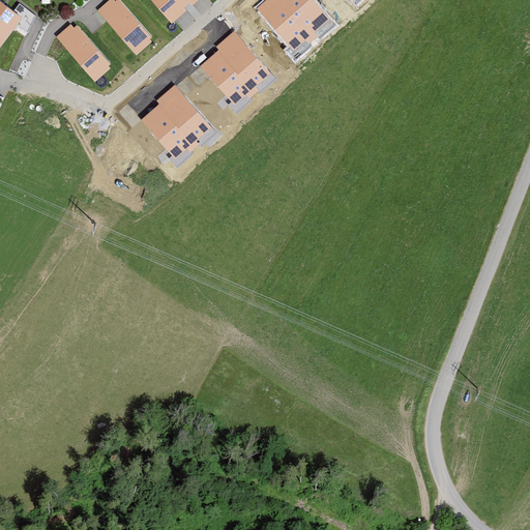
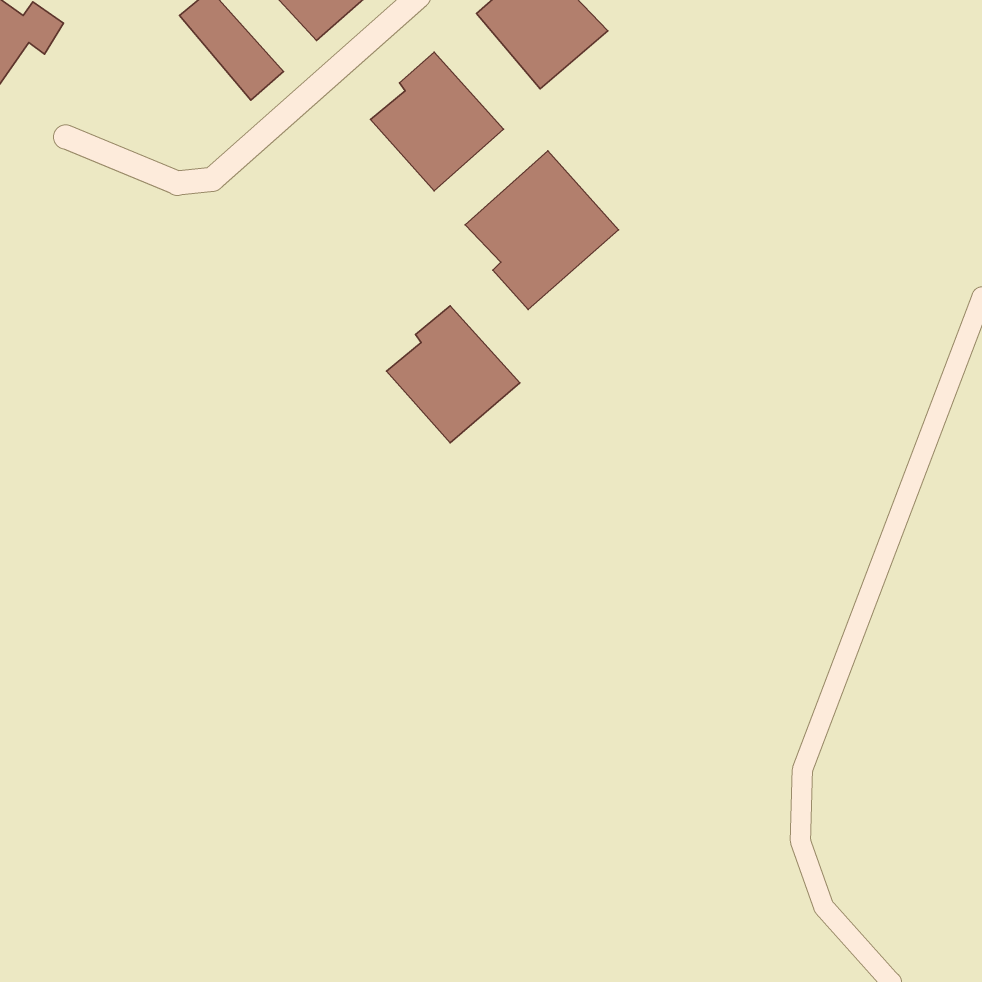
building: [56,21,112,81] -> none
building: none -> [465,151,619,310]
building: [140,83,211,156] -> [387,306,520,443]

